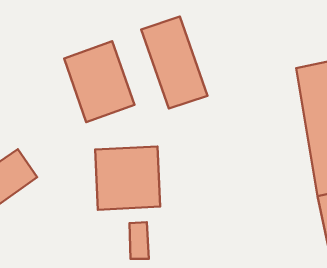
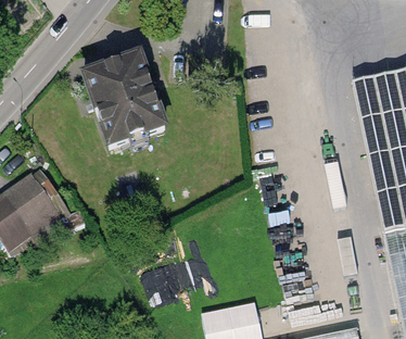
building: [141,17,207,108] -> none
building: [95,146,160,210] -> none

